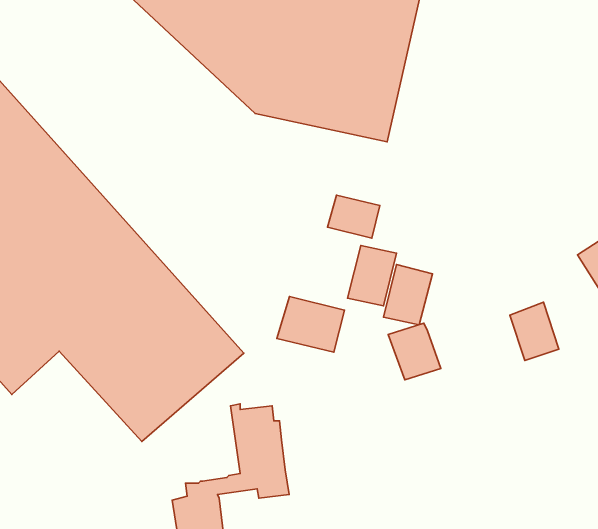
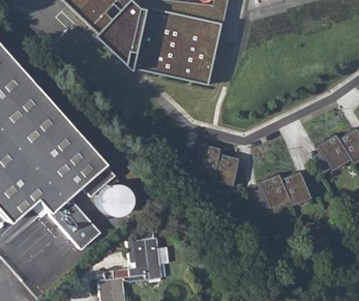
building: [327,195,380,238] -> none
building: [277,296,344,352] -> none
building: [388,323,441,380] -> [259,176,288,207]

